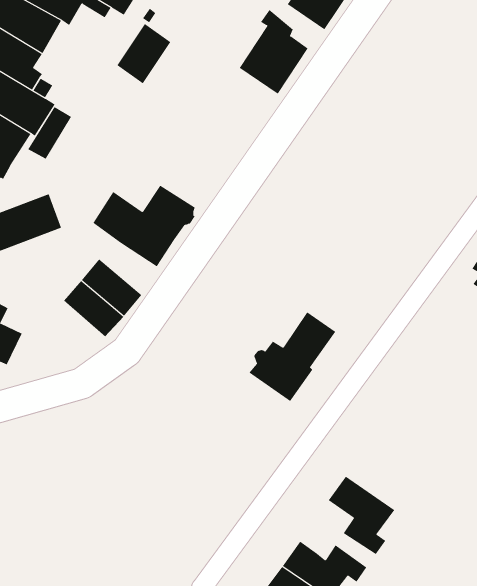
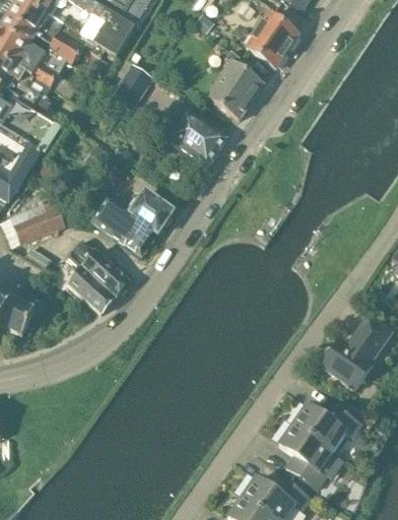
building: none -> [170,112,226,165]
building: [28,106,72,160] -> none
building: [248,311,336,402] -> [321,314,391,386]
building: none -> [292,402,360,450]

